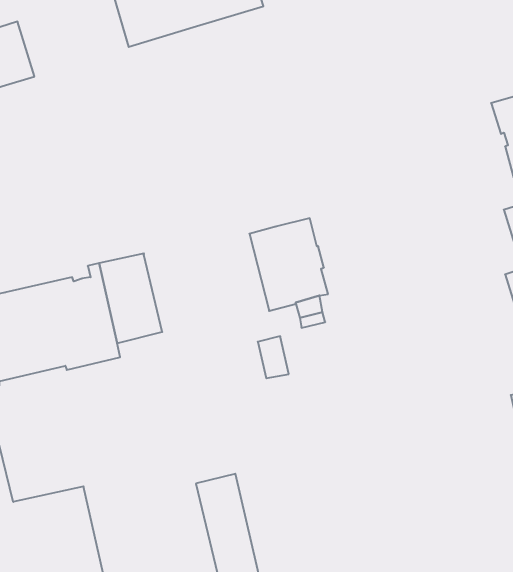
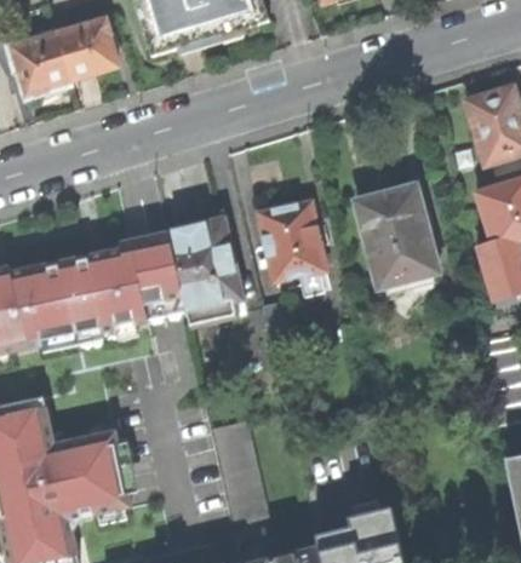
building: none -> [56,17,115,77]
building: none -> [355,183,436,285]
building: none -> [165,219,241,326]

